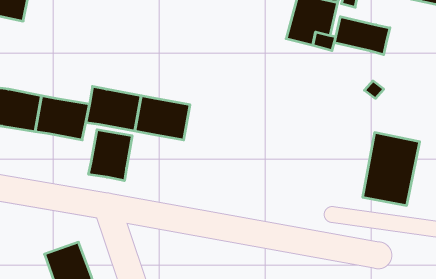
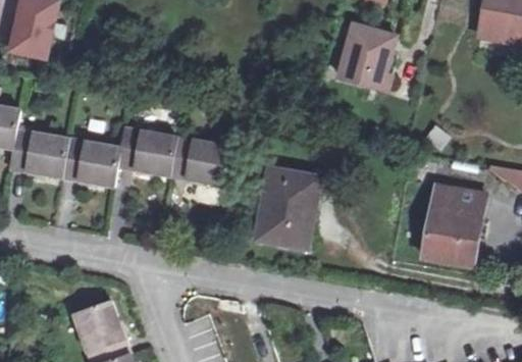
building: [334,17,390,55] -> none
building: none -> [261,171,323,249]
building: [89,130,132,181] -> none

